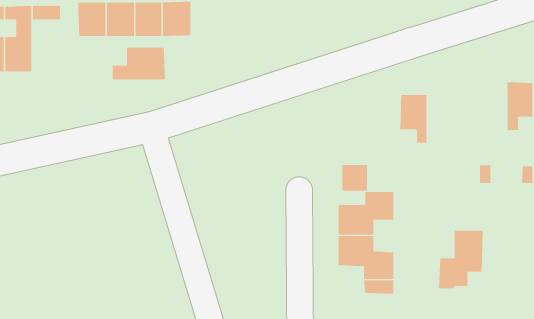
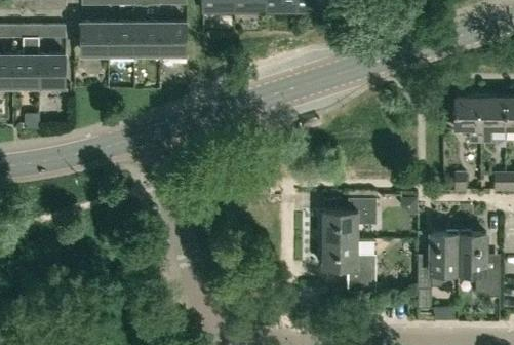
building: none -> [39,54,66,87]
building: [112,47,165,80] -> none
building: [400,94,427,143] -> [454,97,480,142]
building: [342,164,368,191] -> none
building: none -> [458,234,499,298]

